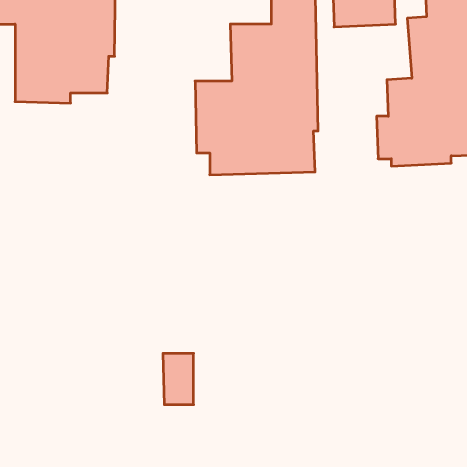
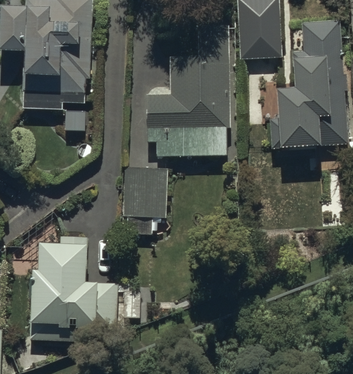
building: none -> [122,165,167,233]
building: none -> [30,235,121,341]

